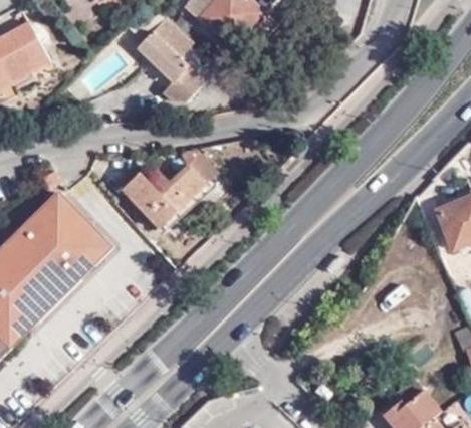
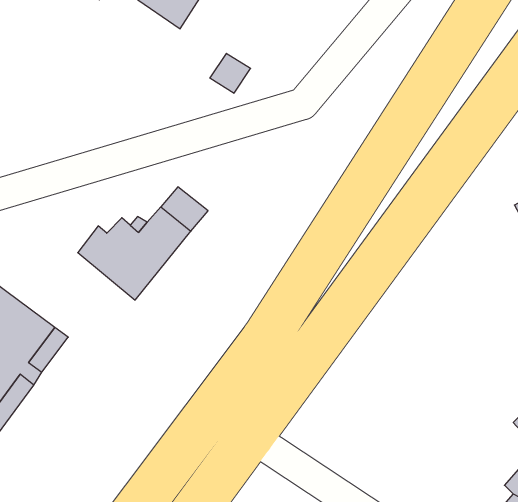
building: [133,24,198,100] -> none

